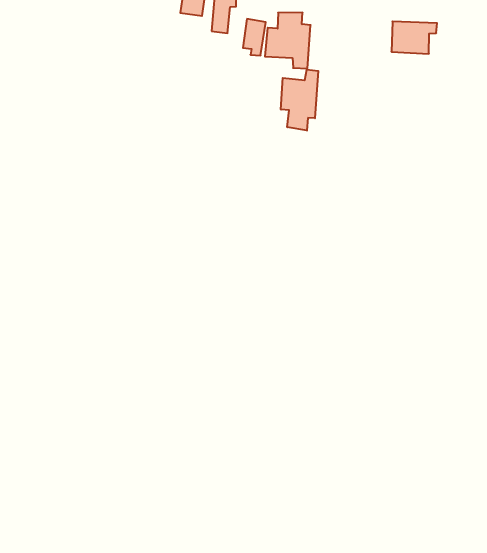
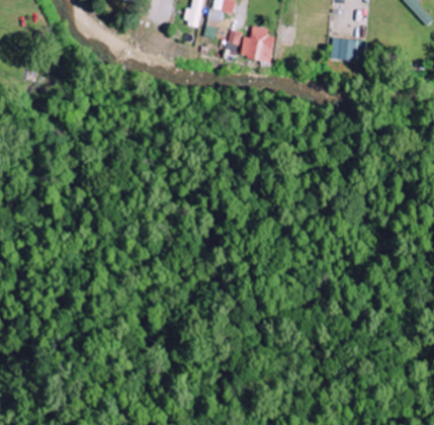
building: [281,70,318,131] -> none

